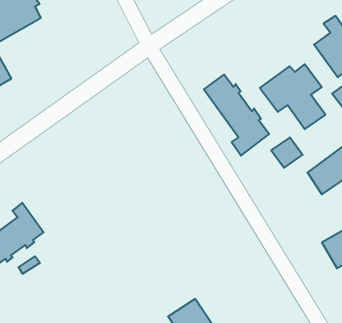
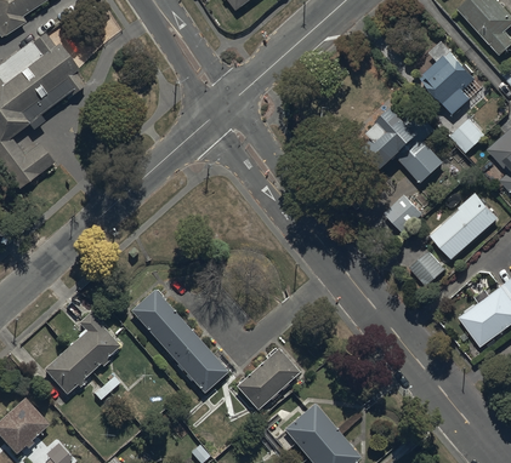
building: [204,75,269,156] -> none
building: none -> [409,250,445,285]
building: none -> [129,290,227,394]
building: none -> [235,345,299,410]

